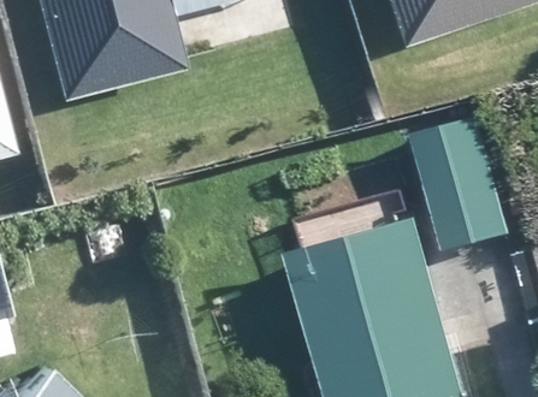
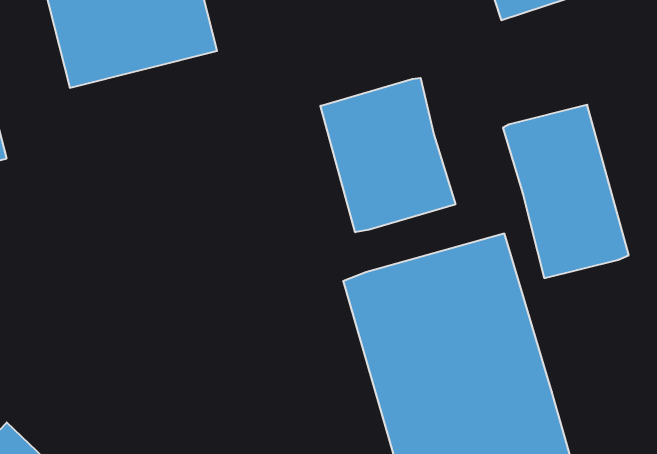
building: none -> [320,78,455,232]

